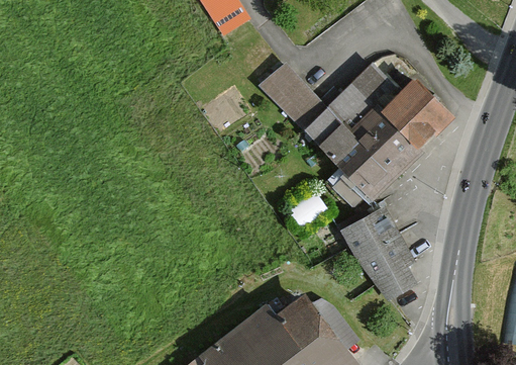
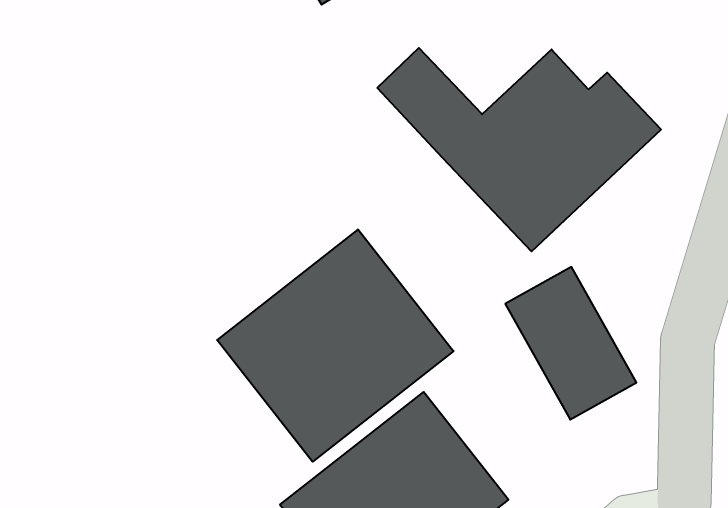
building: none -> [217,229,454,462]

